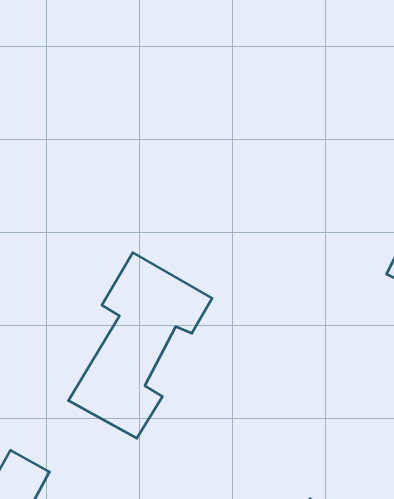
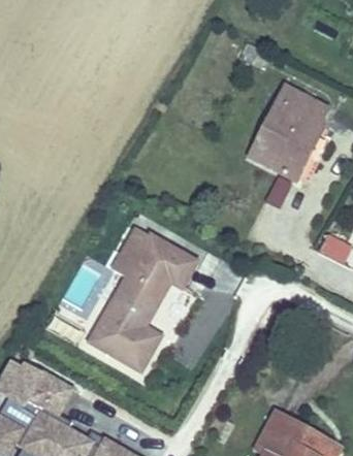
building: none -> [245,80,328,181]

